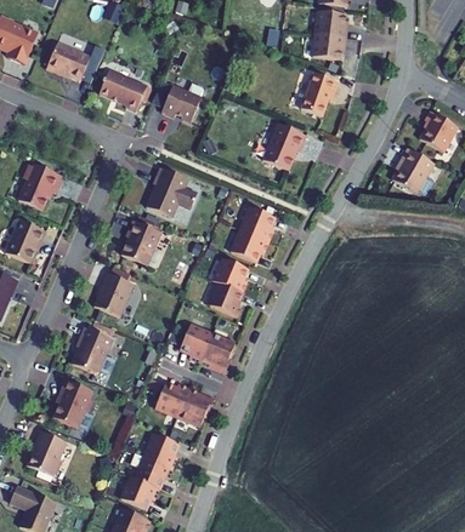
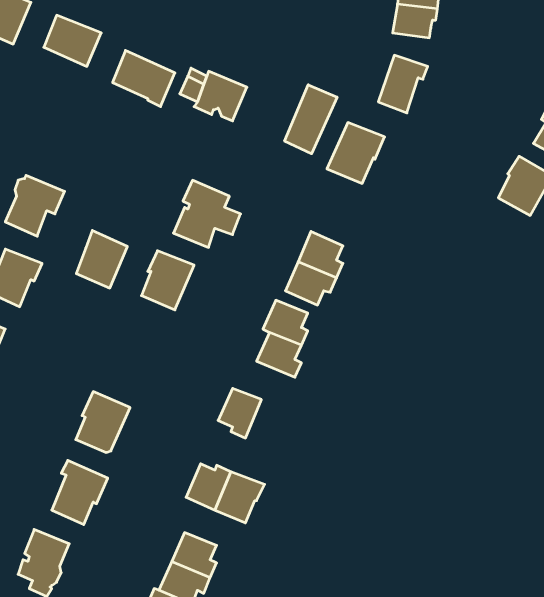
building: none -> [285,85,337,154]
building: [95,273,134,316] -> [76,230,127,288]
building: [200,333,236,373] -> none

